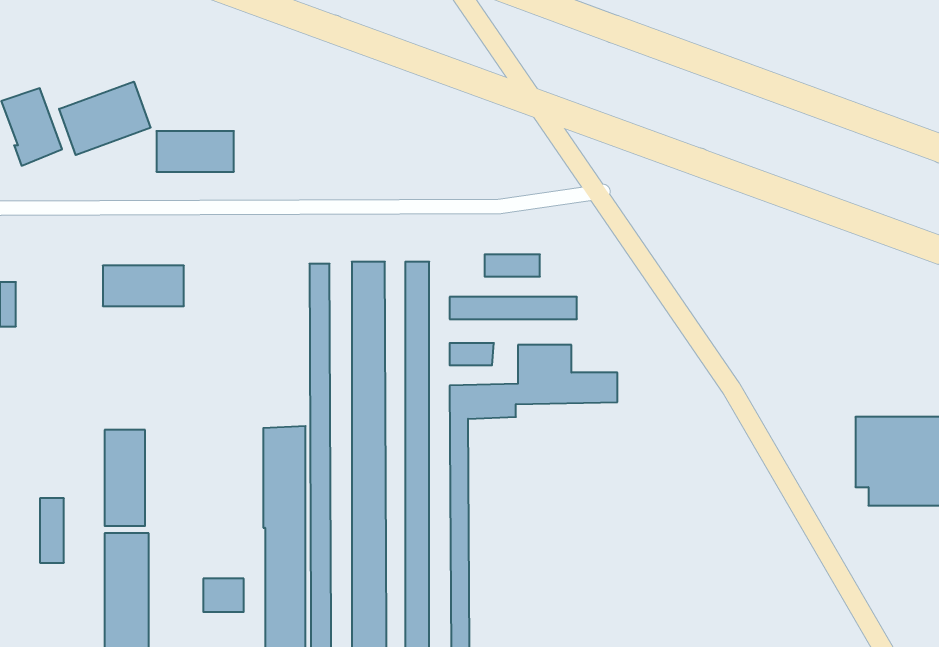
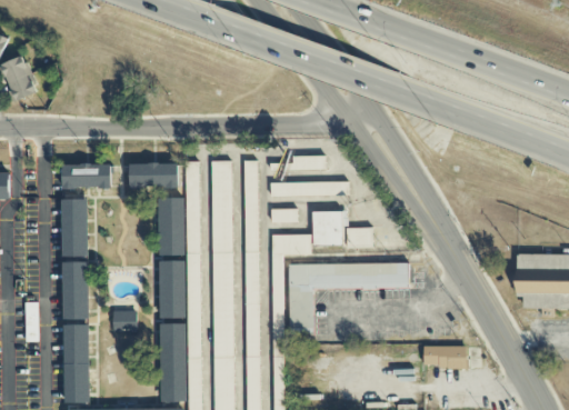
building: [59,82,151,155] -> none
building: [156,131,234,172] -> [130,163,177,188]
building: none -> [158,198,183,256]
building: none -> [62,199,88,257]
building: none -> [289,263,409,332]
building: none -> [423,346,466,368]
building: [203,579,244,612] -> [112,311,137,331]

